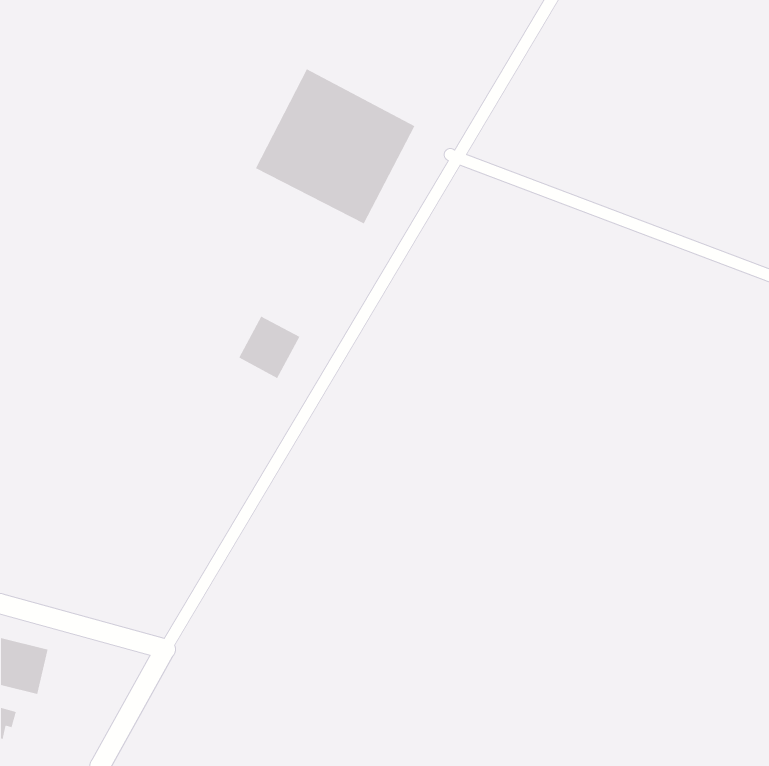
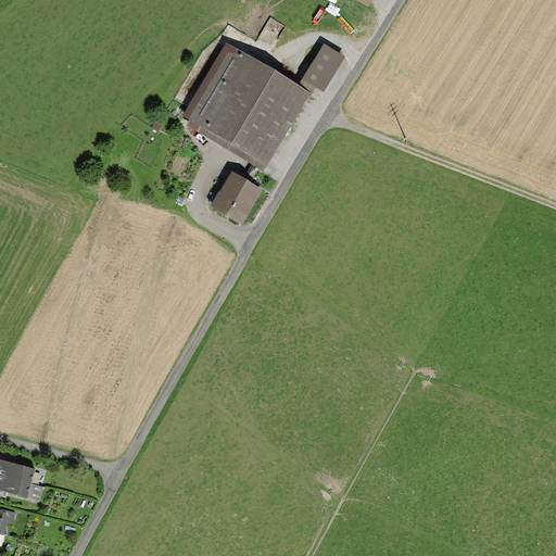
building: none -> [303,46,340,89]
building: [238,315,300,379] -> [215,173,260,218]

